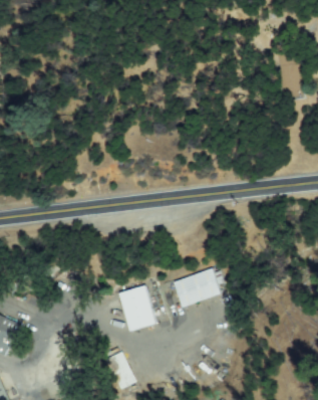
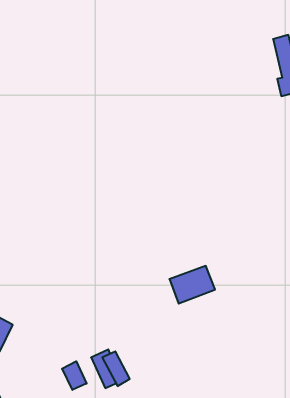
building: [120,285,154,329] -> none
building: none -> [62,361,87,390]

